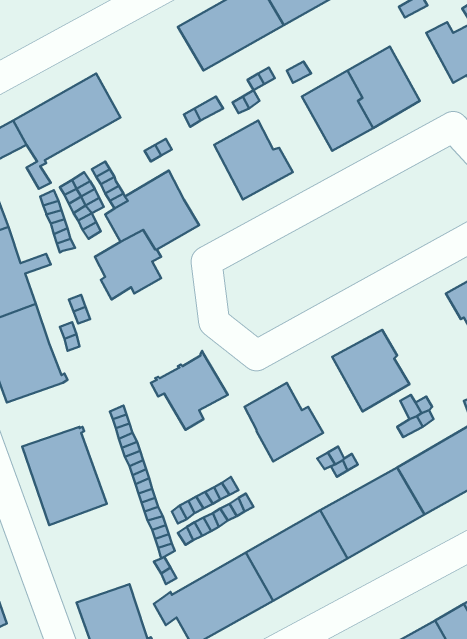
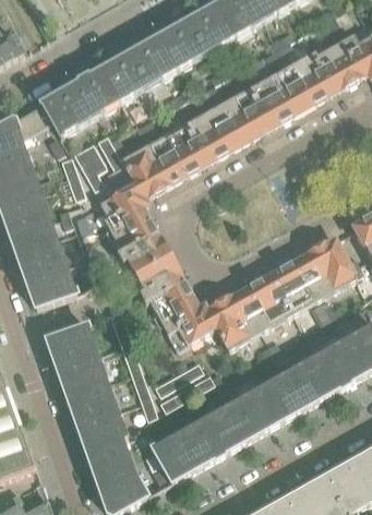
building: none -> [100,35,178,118]
building: none -> [312,39,358,88]
building: none -> [217,85,271,140]
building: none -> [153,120,206,178]
building: none -> [111,216,177,288]
building: none -> [307,236,363,292]
building: none -> [238,273,292,327]
building: none -> [165,300,216,348]
building: none -> [67,379,128,450]

